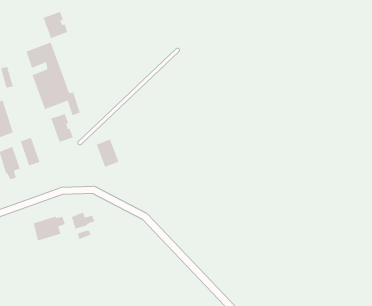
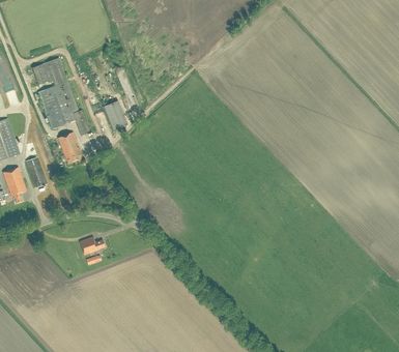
building: [43,11,68,39] -> none
building: [96,138,119,168] -> [103,100,127,131]
building: [33,215,66,241] -> none

